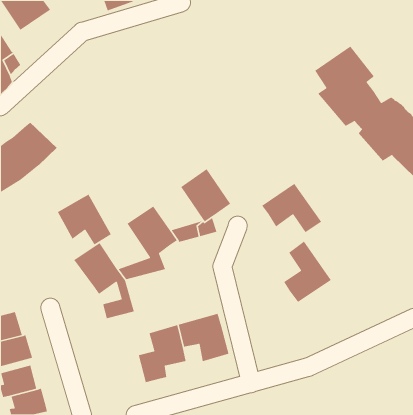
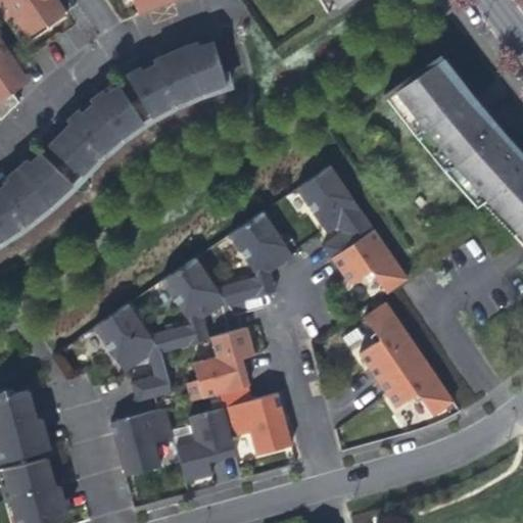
building: none -> [126,36,227,120]
building: none -> [45,84,145,178]
building: none -> [296,165,373,258]
building: [57,194,112,245] -> none
building: none -> [194,327,255,395]
building: none -> [377,352,454,416]
building: none -> [110,409,173,476]

